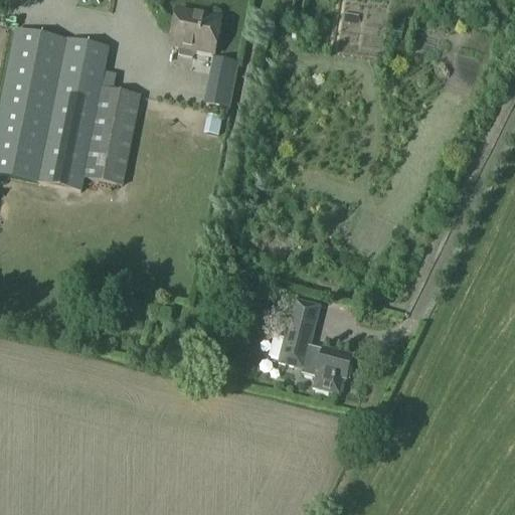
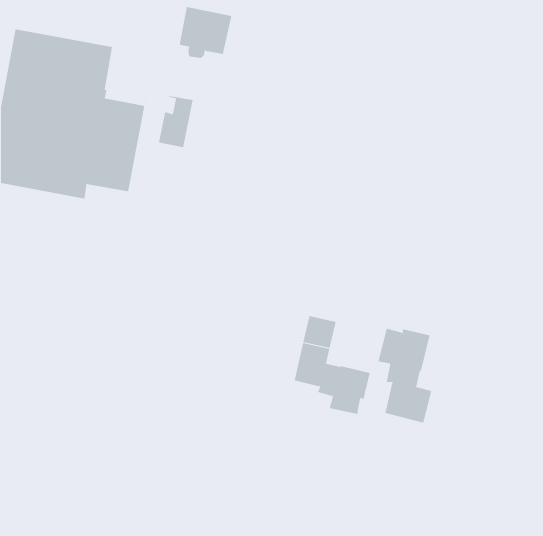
building: [205,54,238,104] -> [158,96,193,148]
building: none -> [378,328,432,423]

